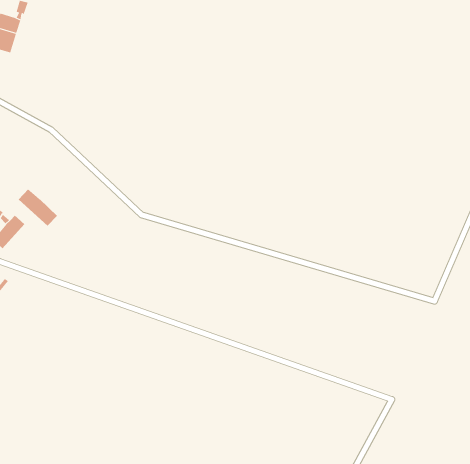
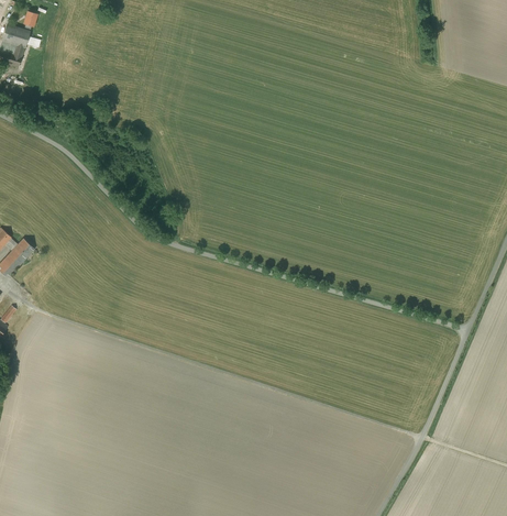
building: [18,189,58,227] -> none

